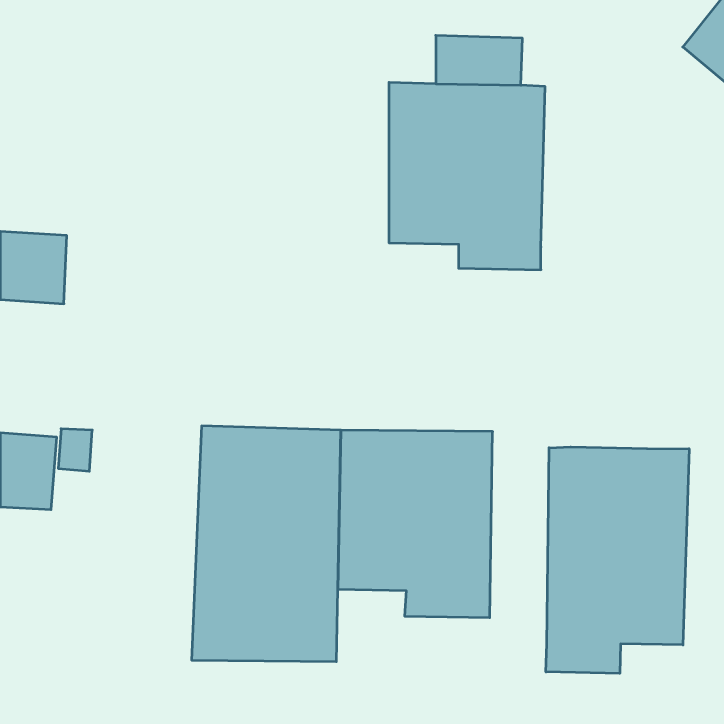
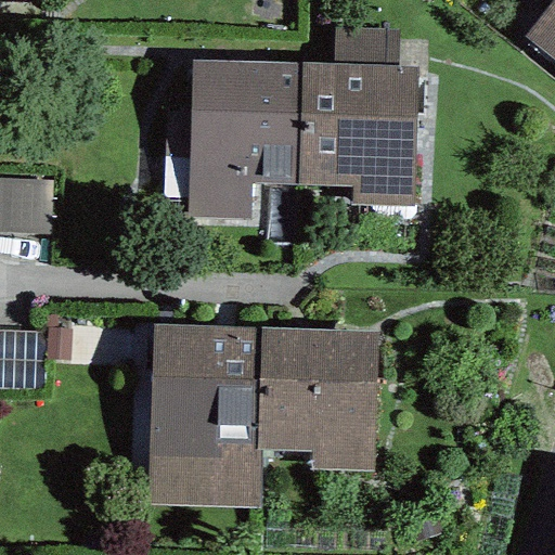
building: none -> [188,60,298,218]
building: [546,447,689,673] -> none

